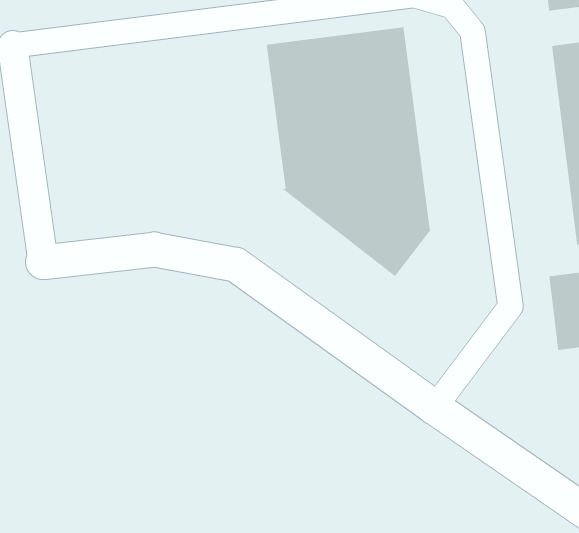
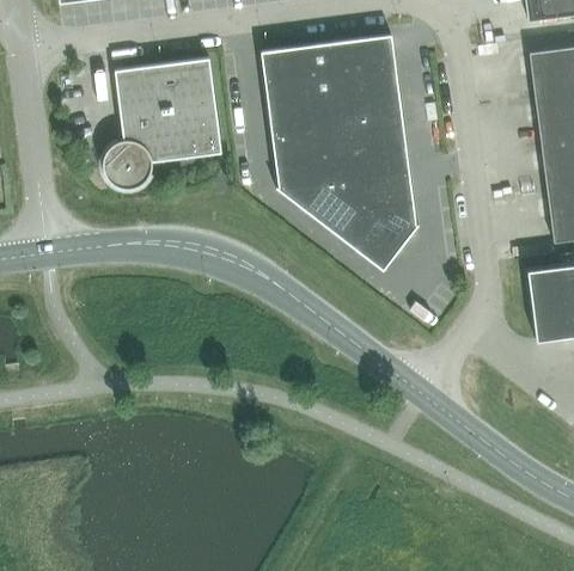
building: none -> [102,57,221,188]

